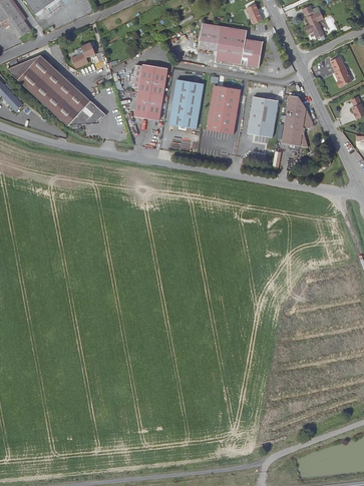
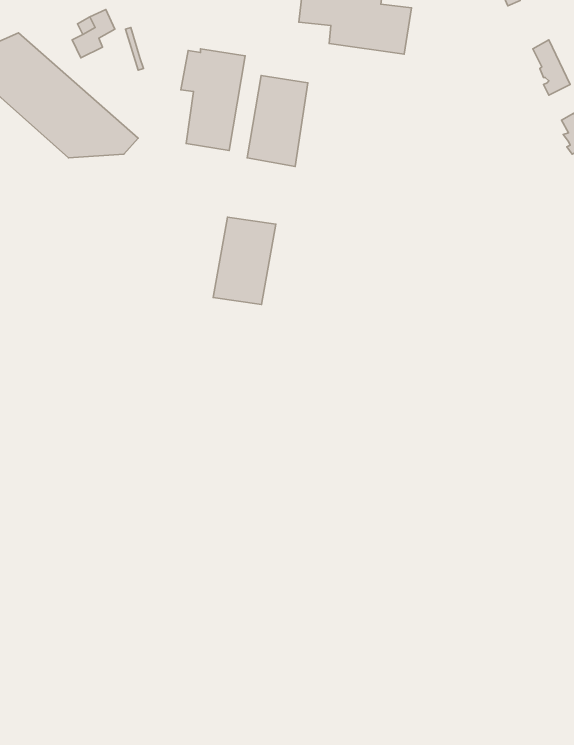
building: [206,85,241,134] -> [213,217,276,305]
building: [282,94,312,146] -> none
building: [247,95,277,136] -> none

